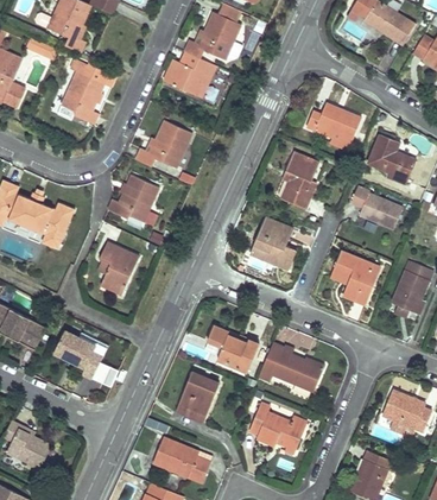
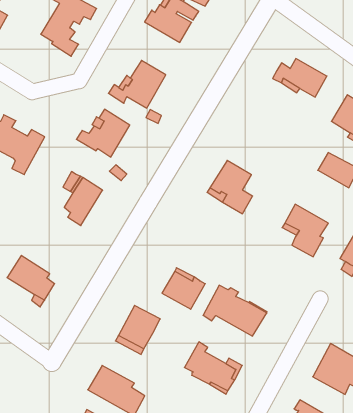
building: [273,148,316,204] -> none

